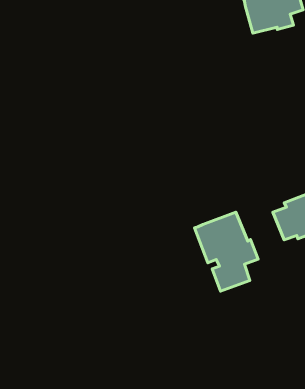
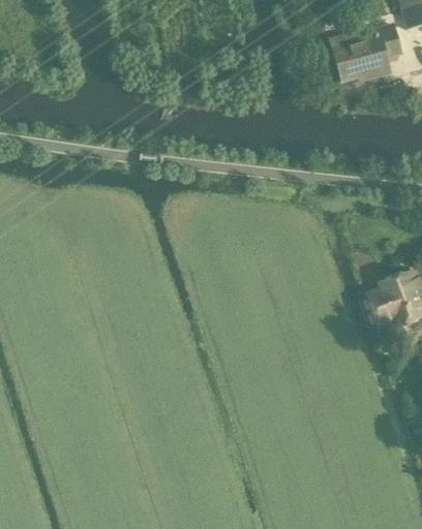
building: [195,212,258,291] -> none

